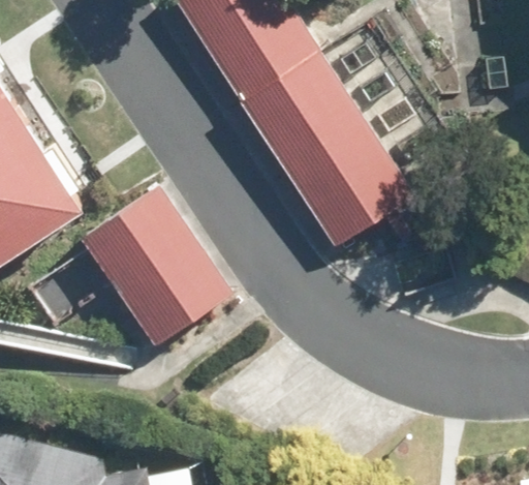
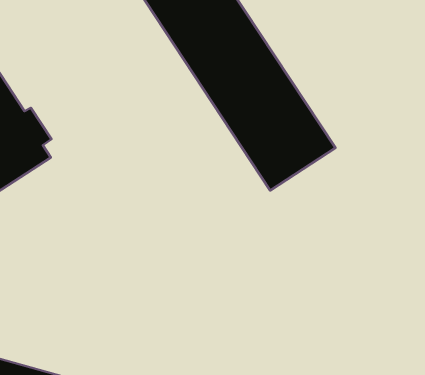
building: [76,181,230,345] -> none

